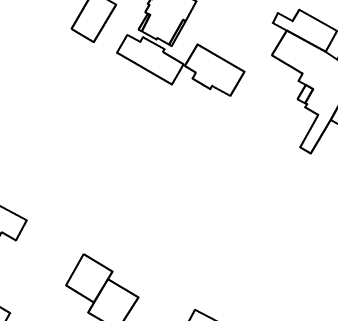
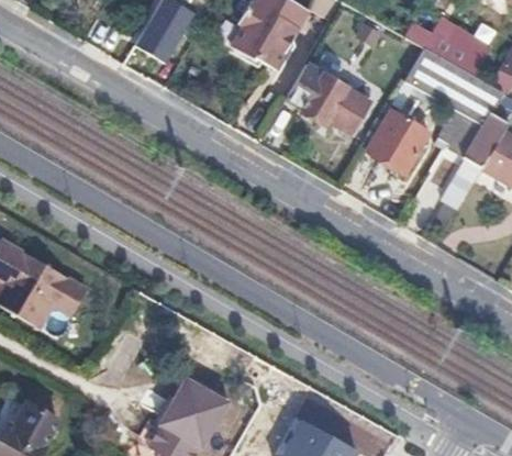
building: [117,35,183,85] -> none
building: none -> [367,108,431,174]
building: [66,254,113,303] -> none

